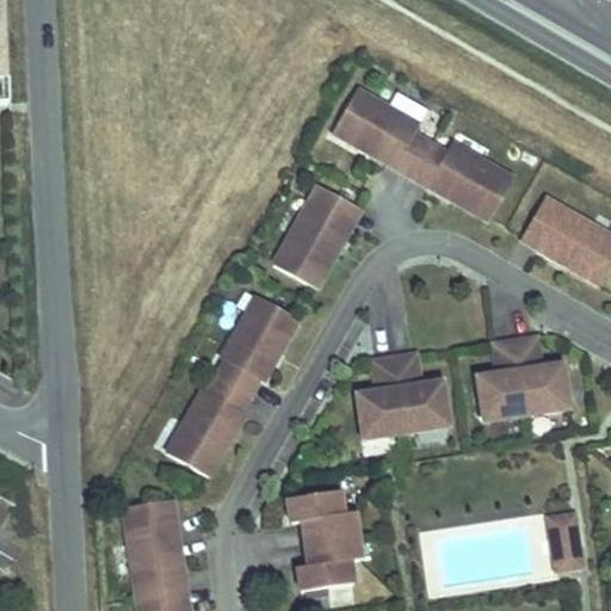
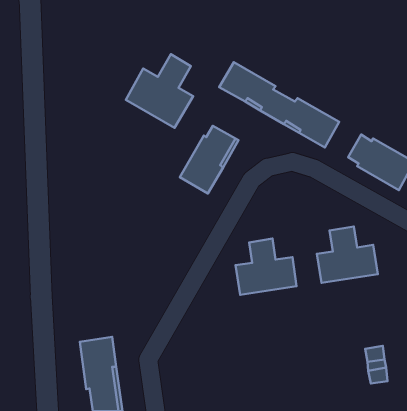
building: none -> [126,54,193,128]
building: [167,295,297,474] -> none
building: [288,490,359,591] -> none

